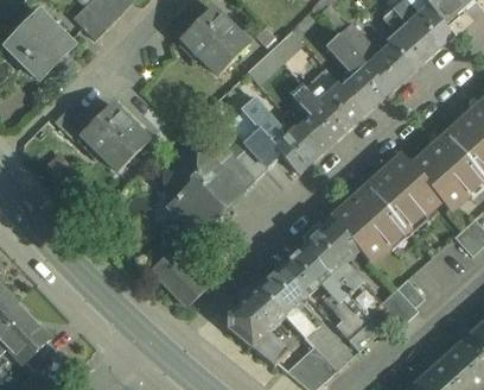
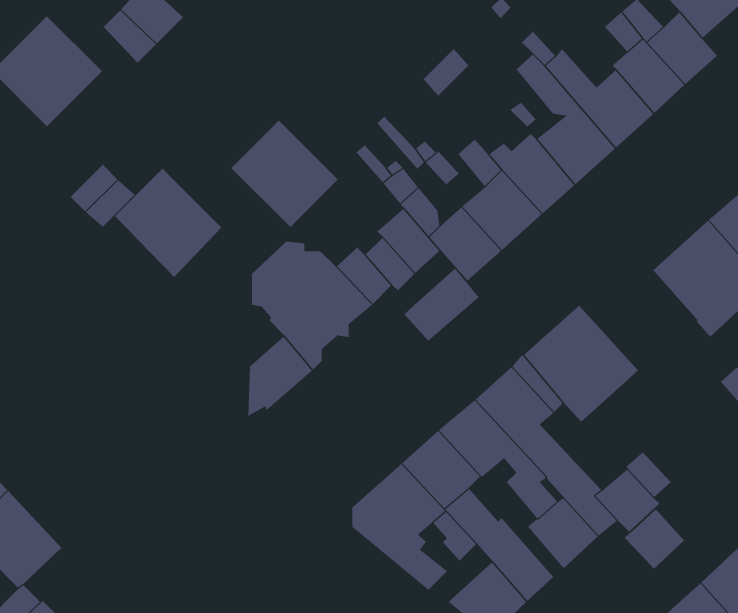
building: [183,7,249,74] -> [231,120,339,228]
building: [368,156,440,228] -> none
building: none -> [403,268,479,342]
building: [152,251,208,306] -> none
building: none -> [623,508,685,569]

